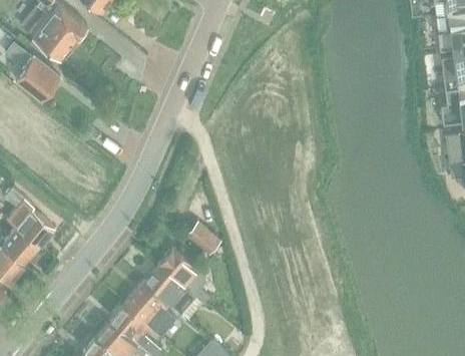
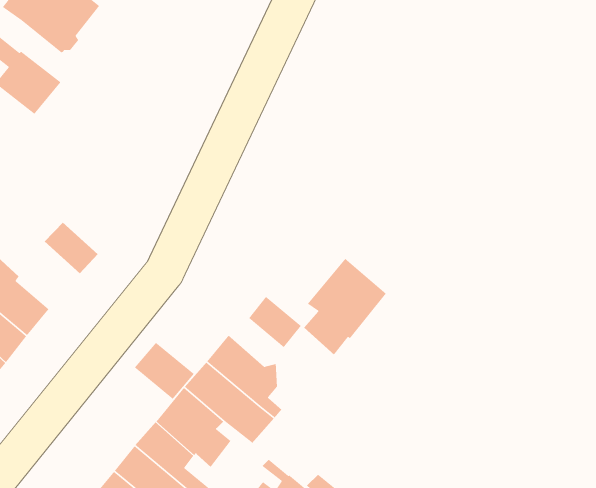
building: none -> [44,222,99,274]
building: none -> [303,258,387,356]
building: none -> [134,342,195,400]

